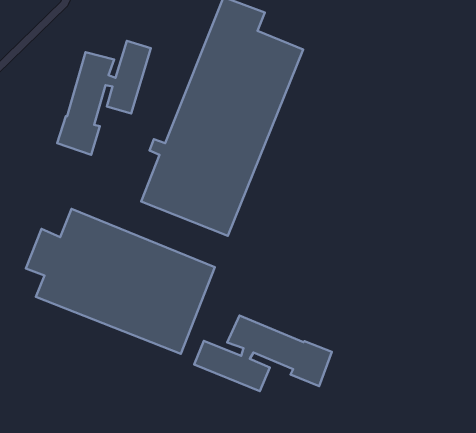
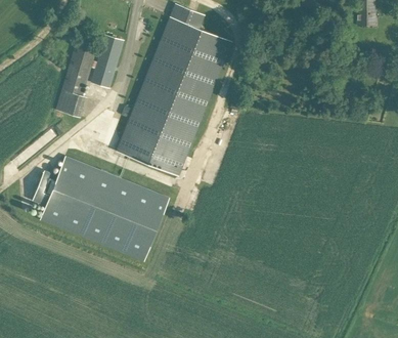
building: [194,316,332,391] -> none

